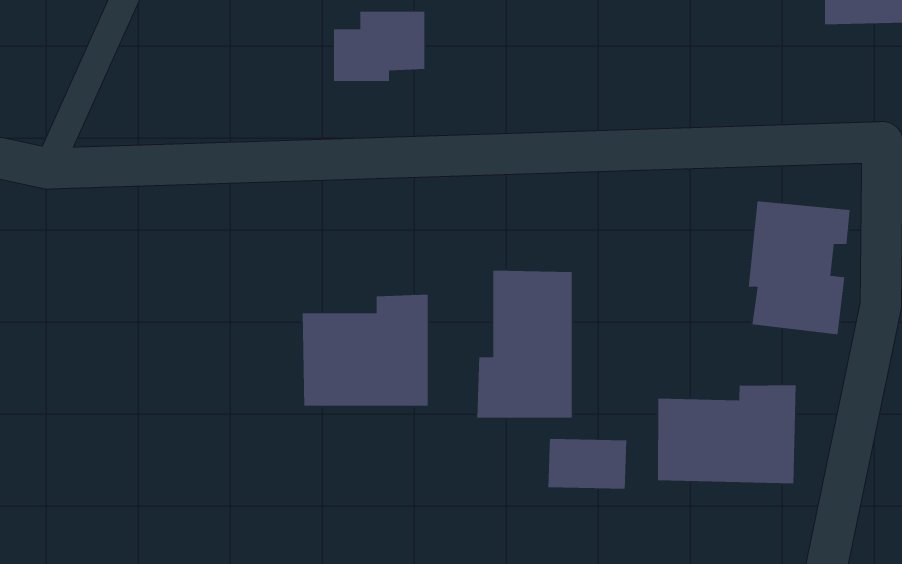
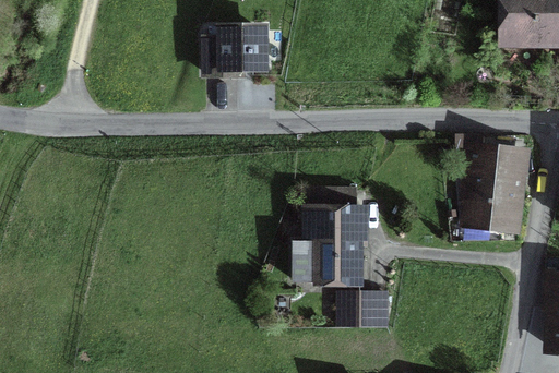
building: [302,294,428,406] -> none
building: [657,385,796,484] -> none

